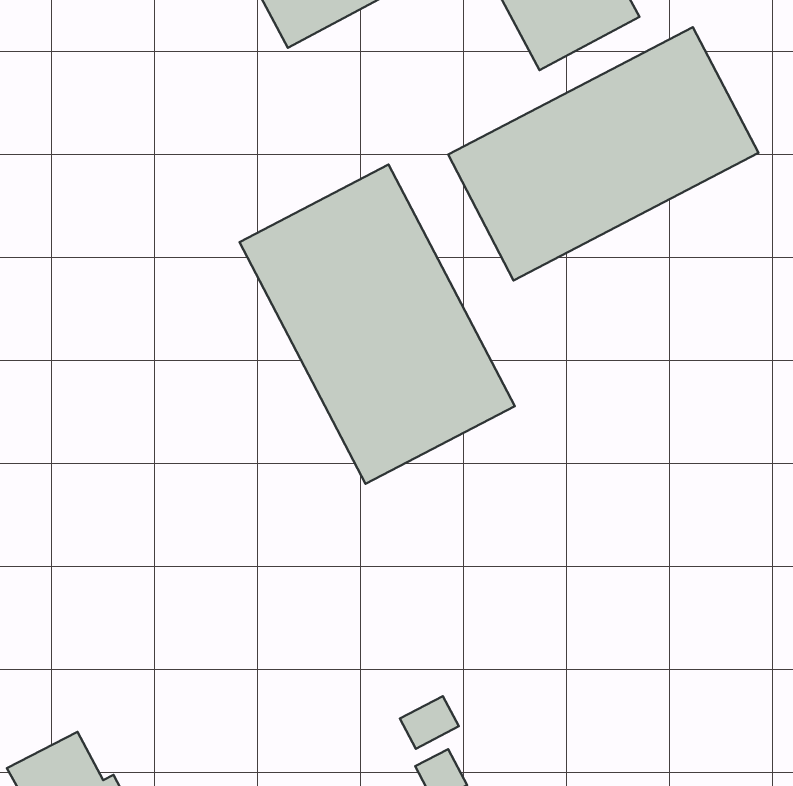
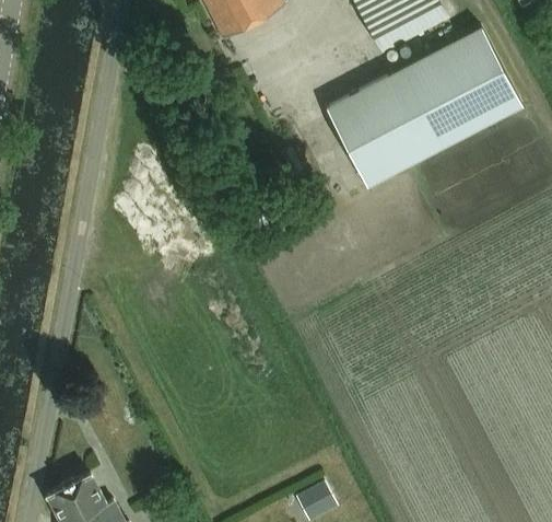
building: [239,164,515,484] -> none
building: [400,696,459,749] -> none

